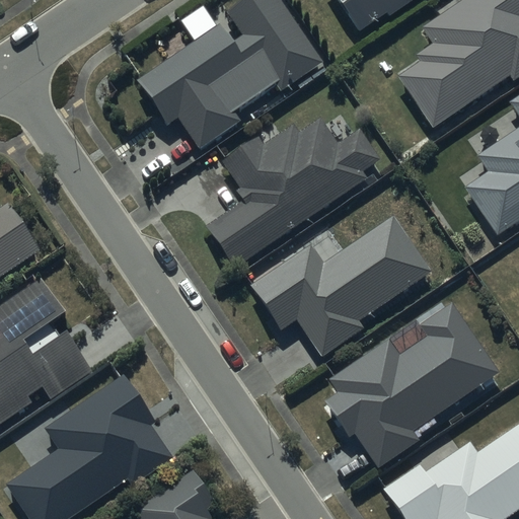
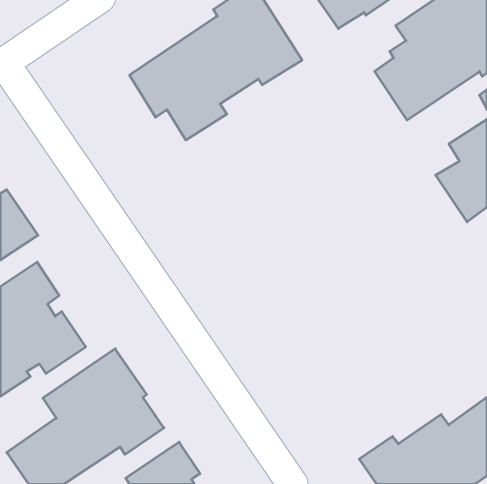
building: [205,117,380,268] -> none
building: [250,216,431,355] -> none
building: [324,303,499,467] -> none

